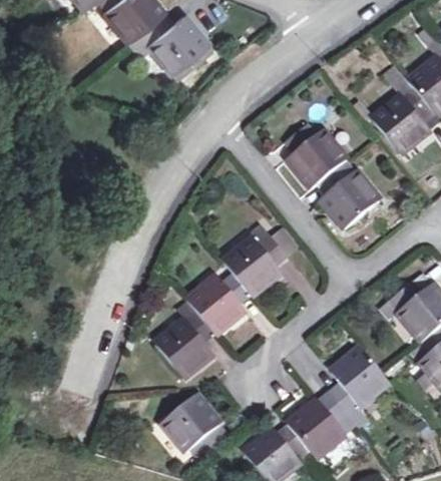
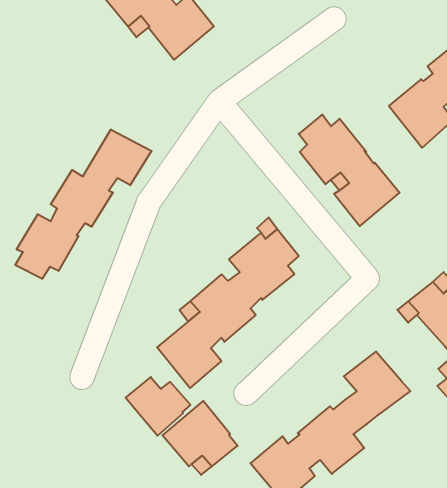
building: none -> [15,129,152,279]
building: none -> [126,377,190,436]

